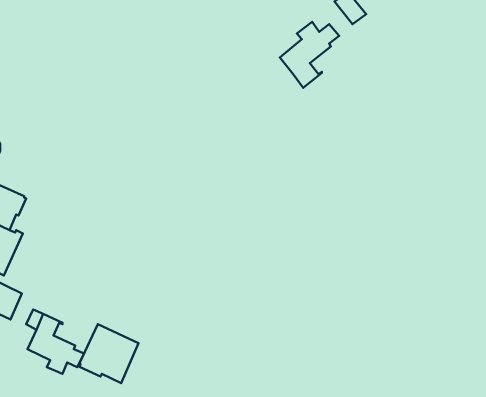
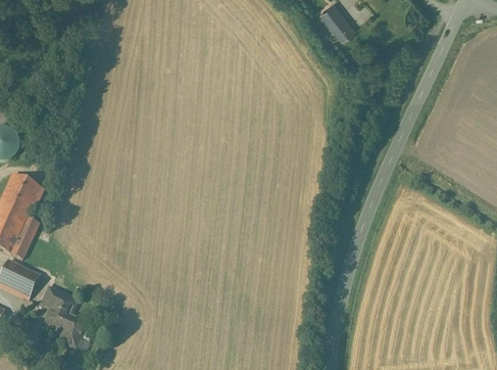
building: [280,22,339,88] -> none
building: [79,324,139,383] -> none

